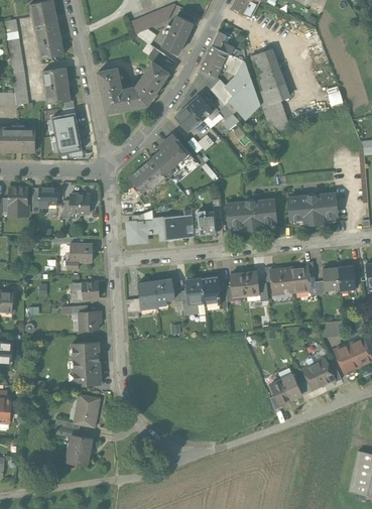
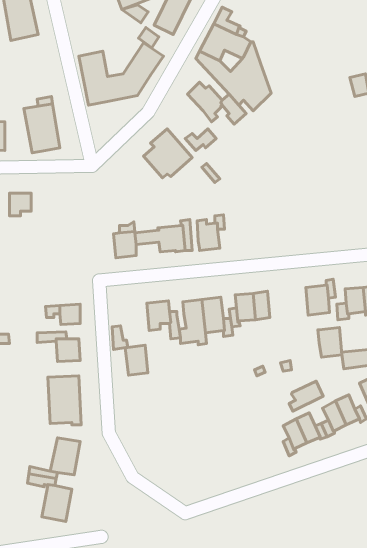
building: [251,49,288,134] -> none
building: [42,68,71,104] -> none
building: [175,105,203,131] -> none
building: [129,157,168,193] -> none
building: [288,194,337,224] -> none
building: [70,195,90,219] -> none
building: [227,200,276,230] -> none
building: [68,243,93,269] -> none
building: [271,268,291,293] -> [318,327,342,357]
building: [138,281,157,306] -> [125,345,148,375]
building: none -> [289,381,323,411]

